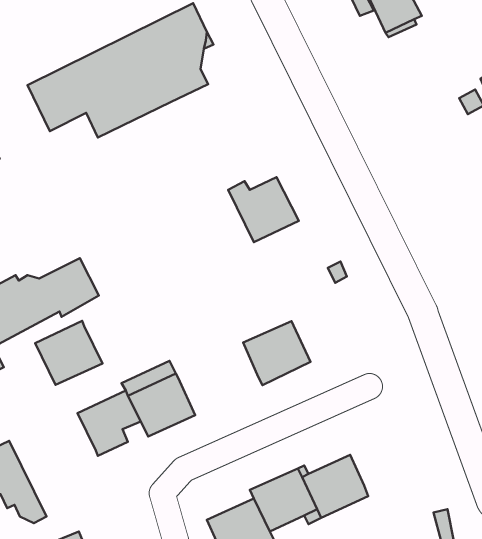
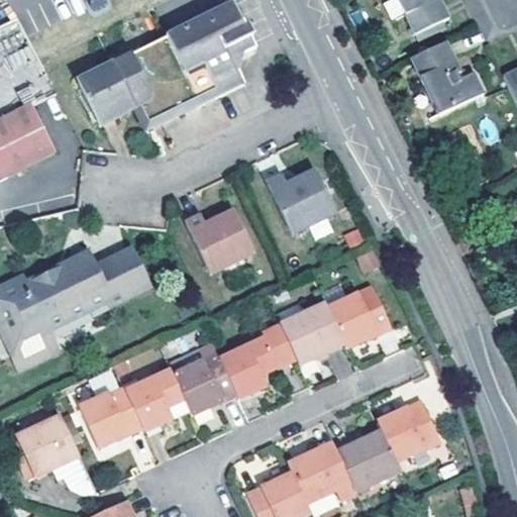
building: none -> [413,40,482,111]
building: none -> [185,206,251,267]
building: none -> [328,288,391,347]
building: [35,321,102,385] -> [78,386,141,446]
building: none -> [219,324,295,397]
building: none -> [377,401,439,459]

